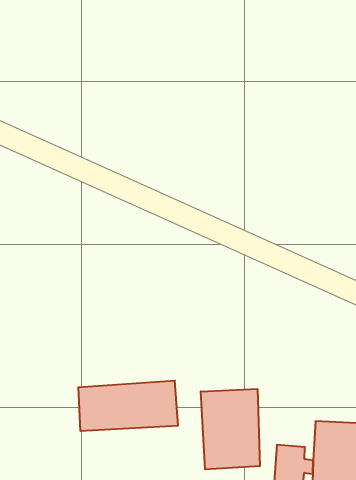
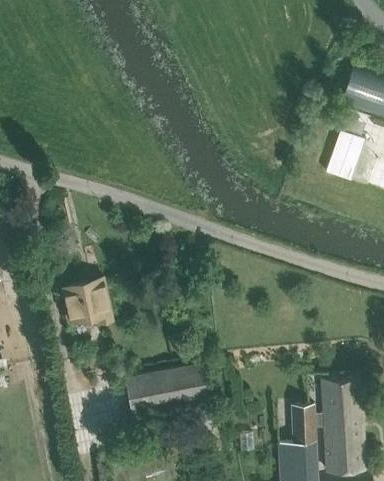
building: none -> [61,279,110,328]
building: [201,389,260,469] -> none

